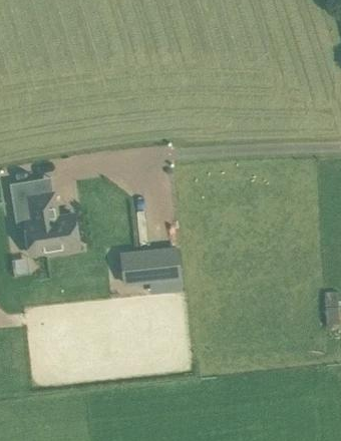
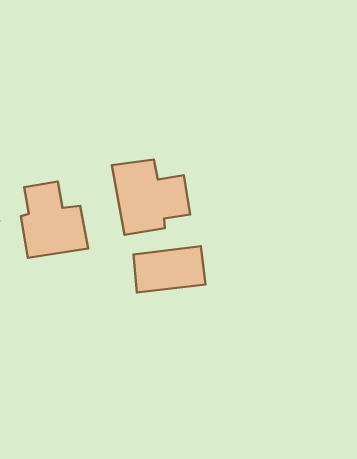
building: none -> [112,159,190,235]

